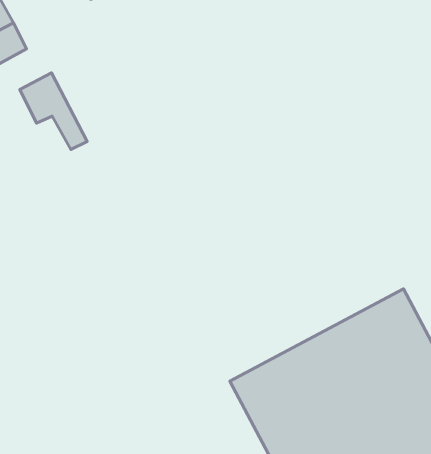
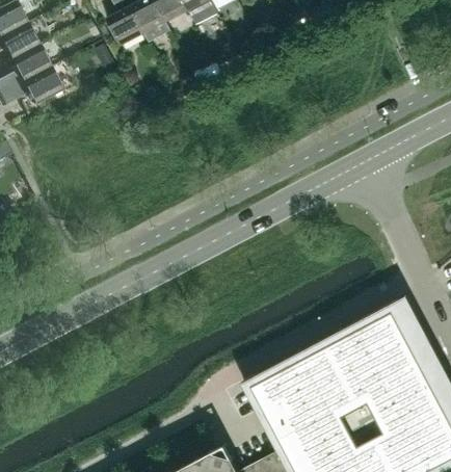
building: [20,73,87,150] -> none

